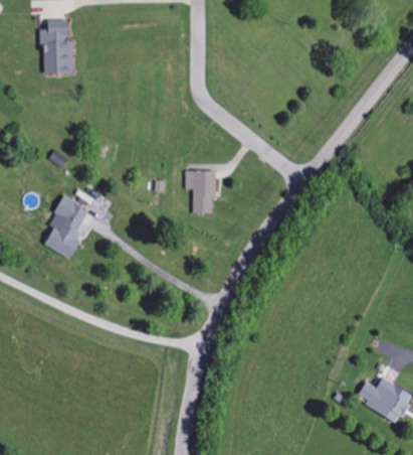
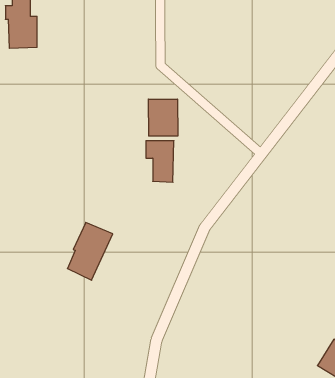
building: none -> [148,99,178,136]
building: [43,196,90,257] -> [67,222,113,280]

